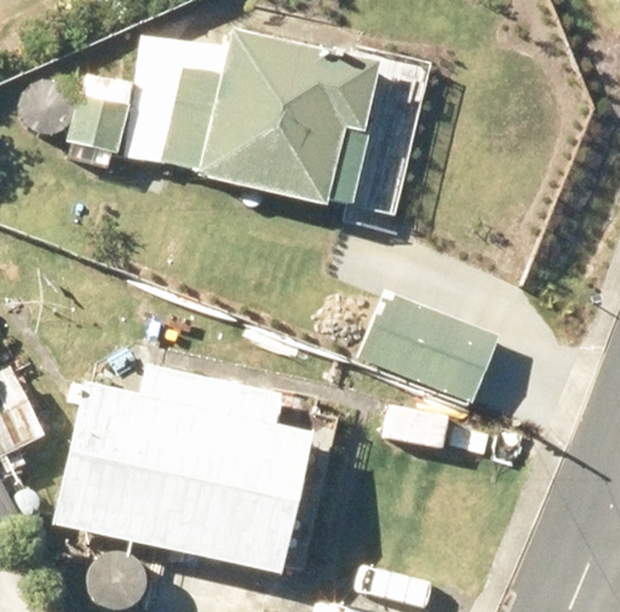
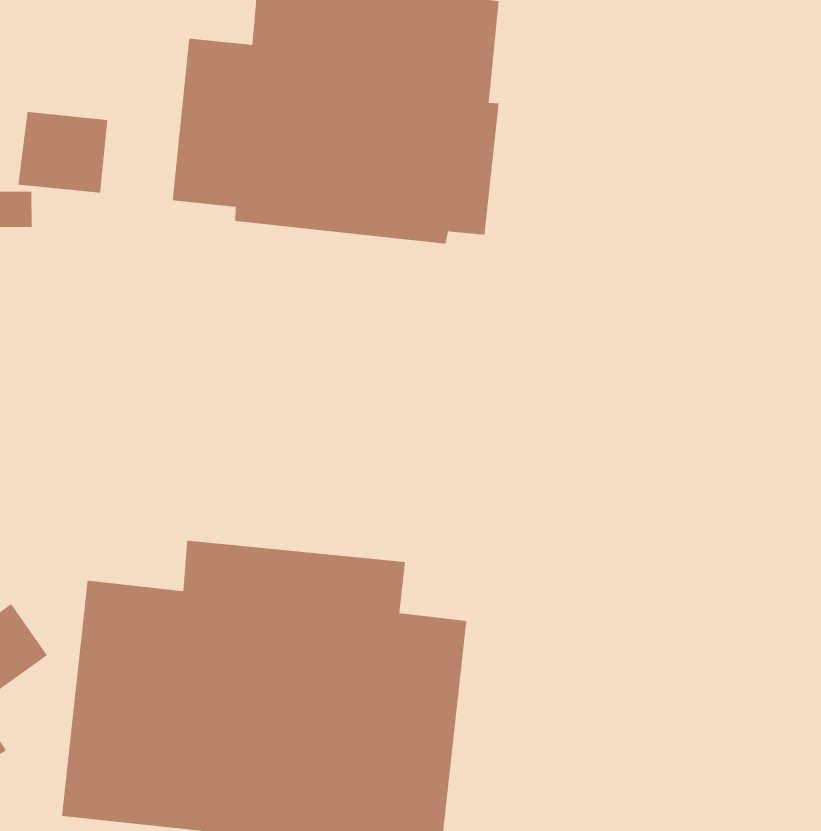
building: [356,290,501,408] -> none

